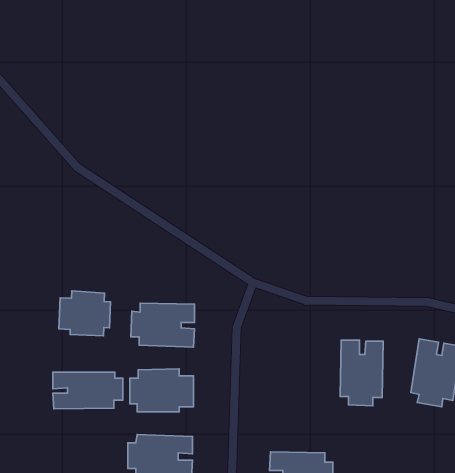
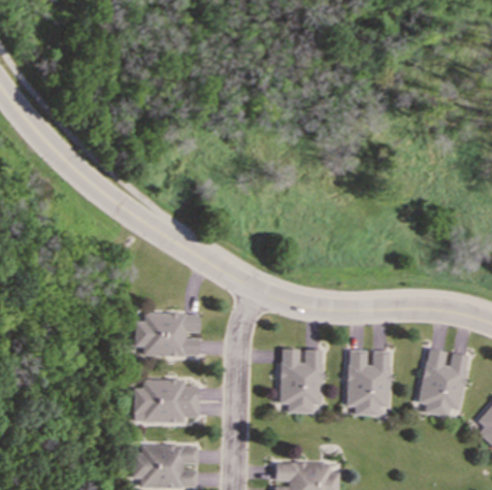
building: [59,291,111,336] -> none
building: none -> [280,349,323,413]
building: [53,372,123,409] -> none

